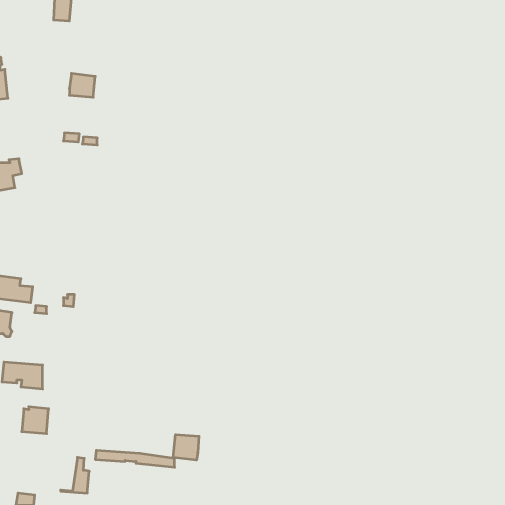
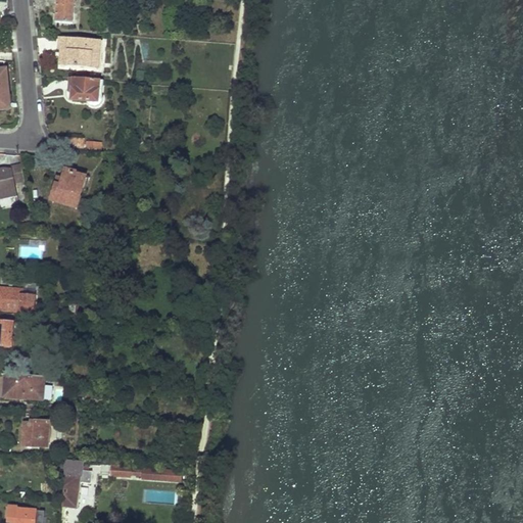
building: none -> [61,37,100,67]
building: none -> [51,170,84,206]
building: [173,435,199,460] -> none
building: none -> [62,459,81,506]

